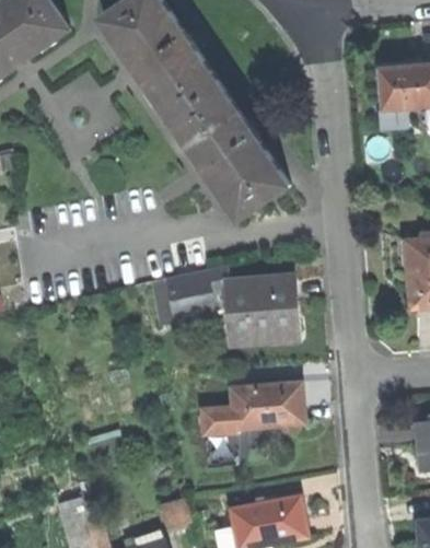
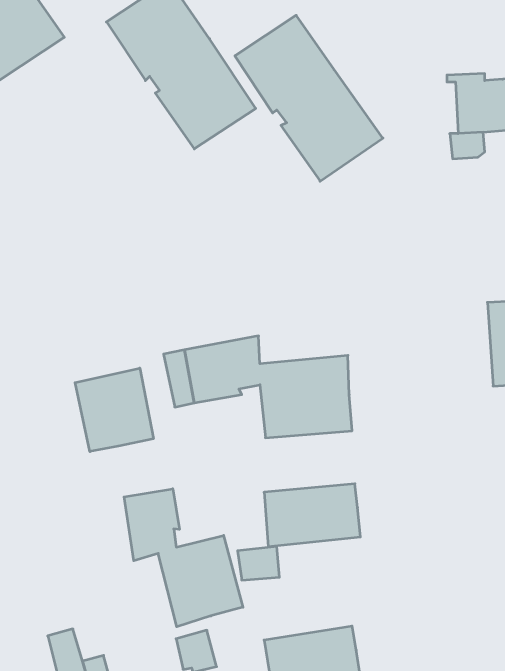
building: [173,89,289,219] -> [235,15,383,181]
building: none -> [75,368,153,452]
building: none -> [124,489,243,627]

